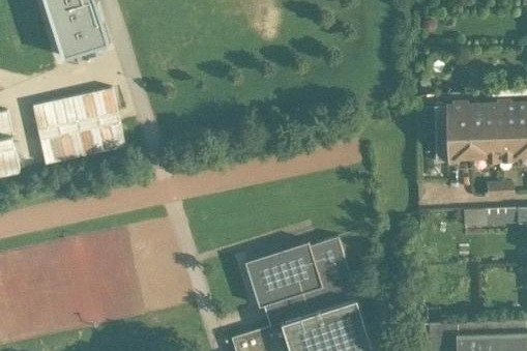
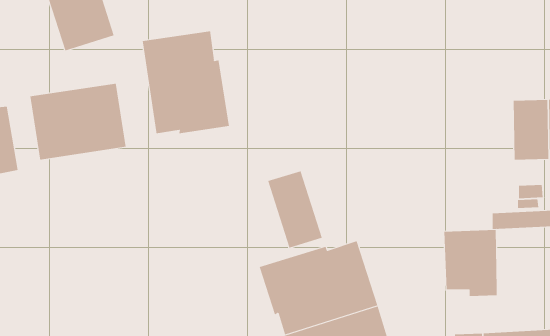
building: none -> [142,30,230,134]
building: [434,106,485,169] -> [443,229,498,297]
building: none -> [268,171,323,248]

